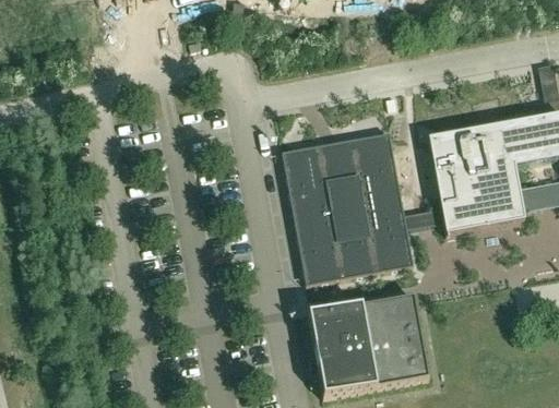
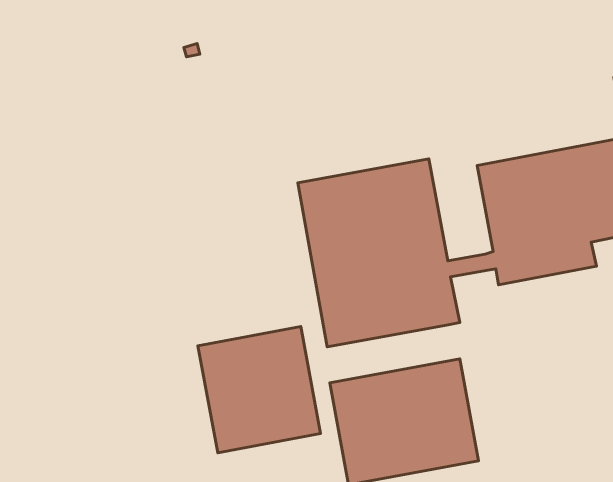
building: none -> [198,327,321,453]

